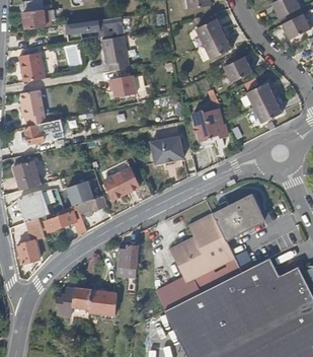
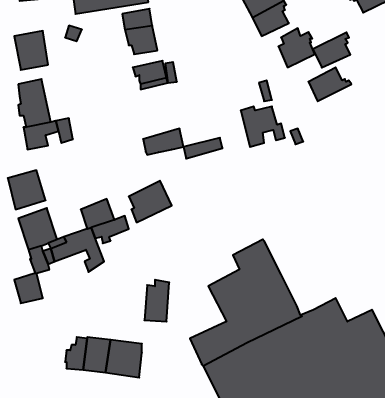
building: [254,93,284,121] -> [313,32,350,68]
building: [152,143,183,163] -> [143,129,183,155]
building: [213,196,264,241] -> none

